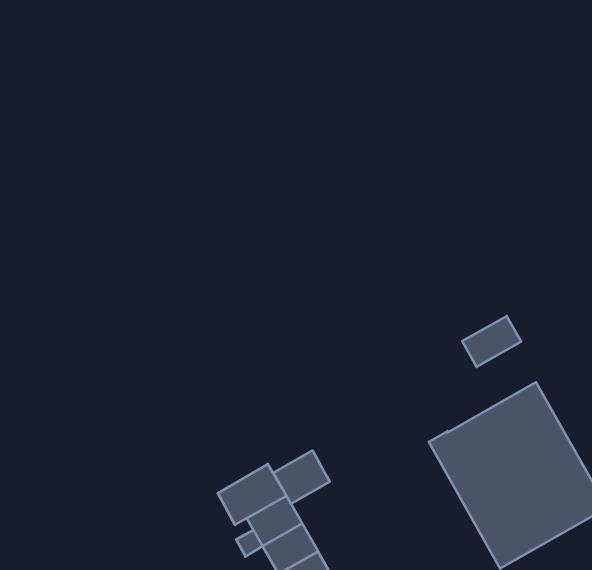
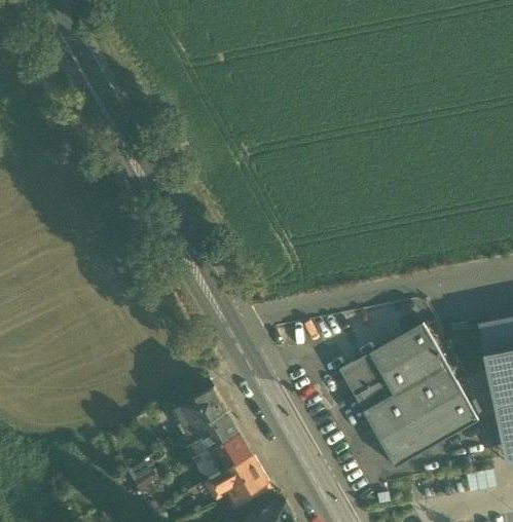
building: [462,316,521,367] -> none
building: [273,451,330,504] -> none

